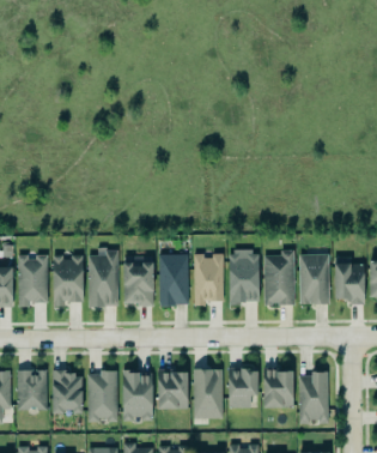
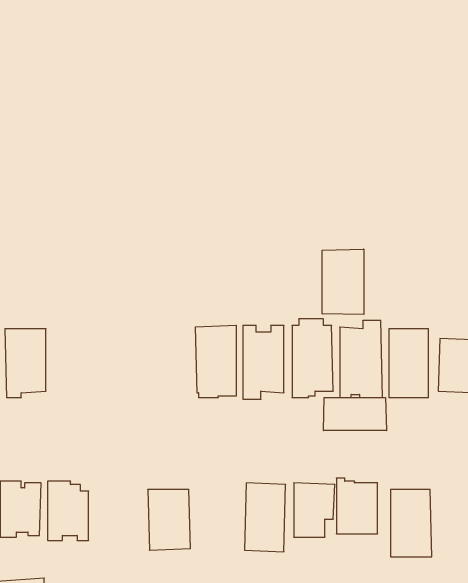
building: none -> [322,249,364,314]
building: [90,249,120,307] -> none
building: [54,256,85,307] -> none
building: [124,264,156,306] -> none
building: none -> [324,398,387,431]
building: [156,367,186,407] -> none
building: [89,373,118,423] -> none

